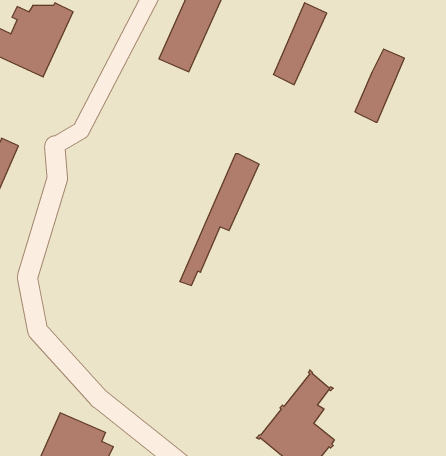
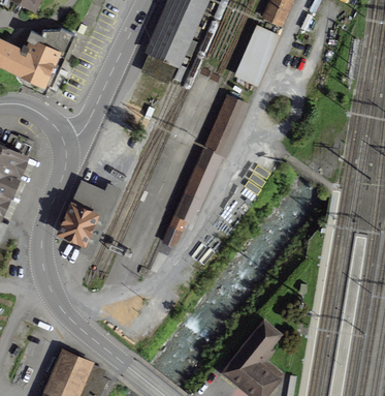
building: [355,49,404,122] -> [206,97,246,155]
building: none -> [56,181,106,251]

